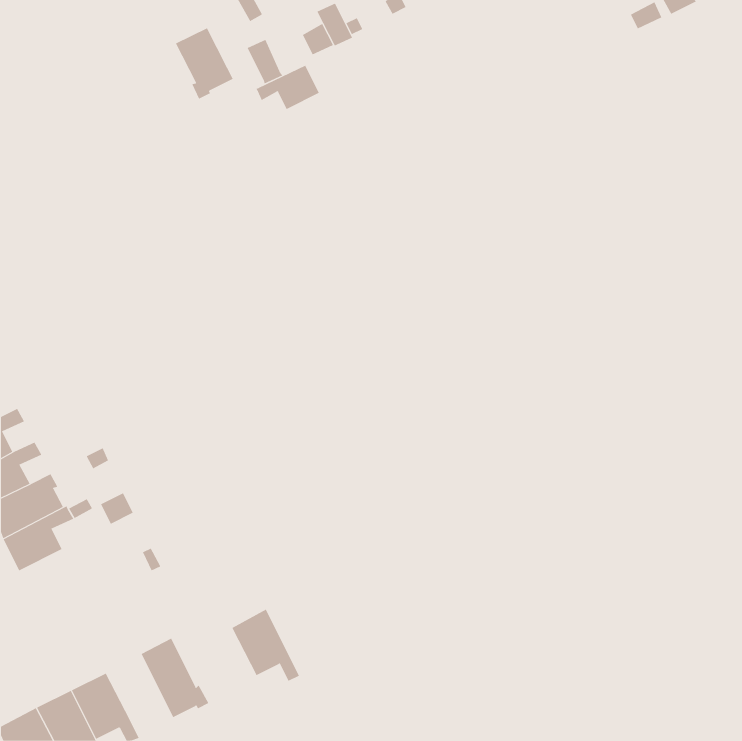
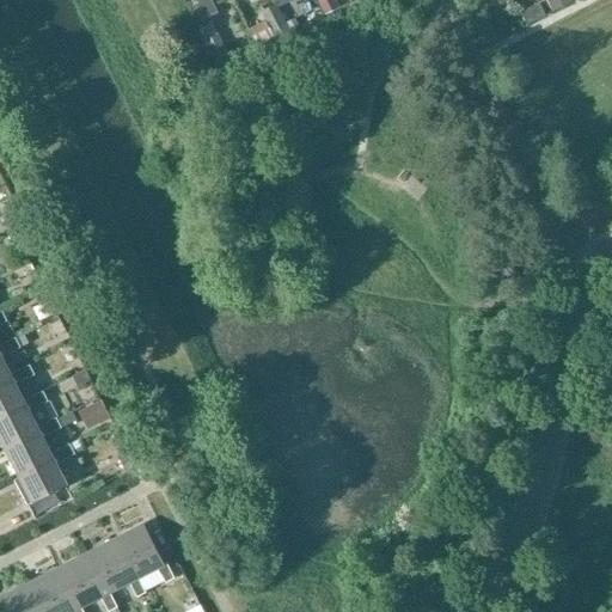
building: [175,28,234,100] -> none
building: [256,65,320,110] -> none
building: none -> [16,442,74,503]
building: [231,609,300,682] -> [87,538,143,598]

